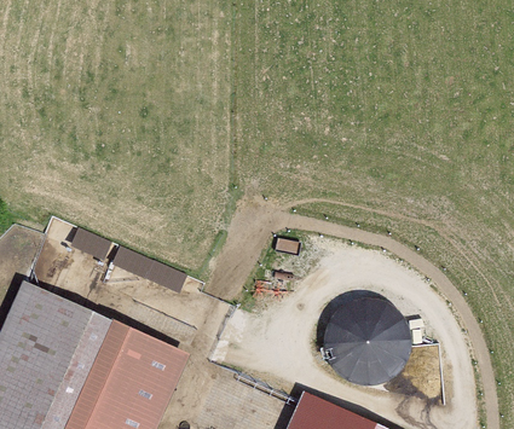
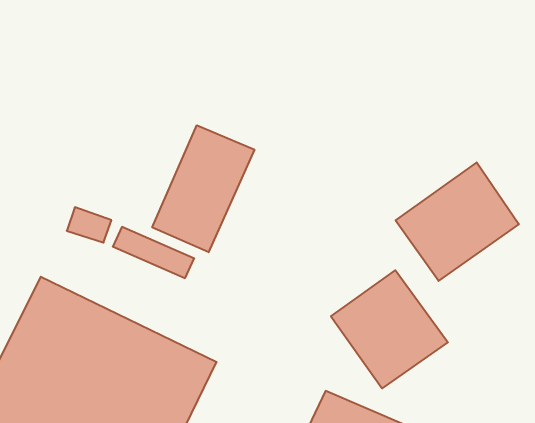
building: none -> [152,125,254,252]
building: none -> [396,162,519,281]

